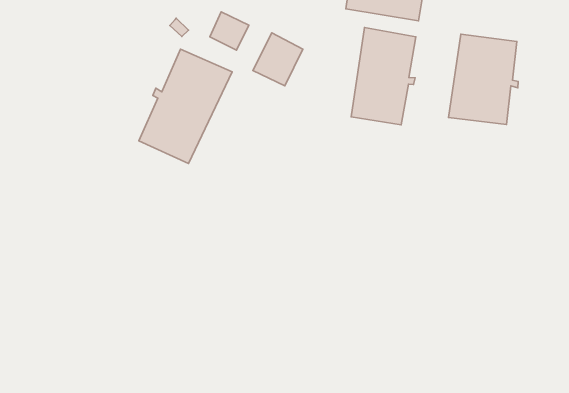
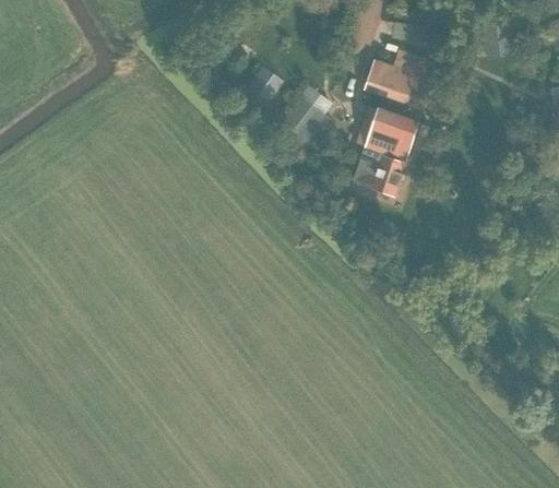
building: [449,34,518,125] -> none
building: [139,49,232,164] -> none

